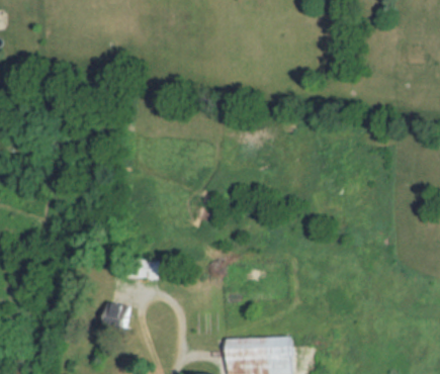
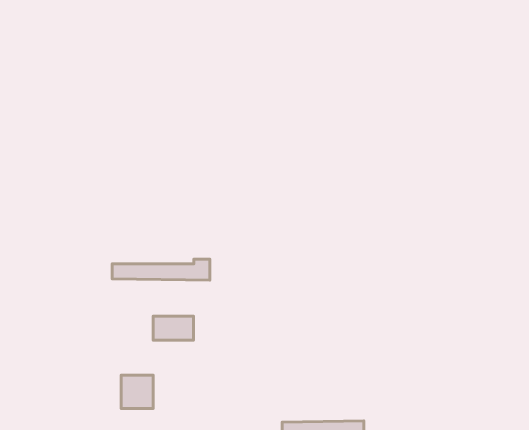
building: none -> [112,259,210,280]

